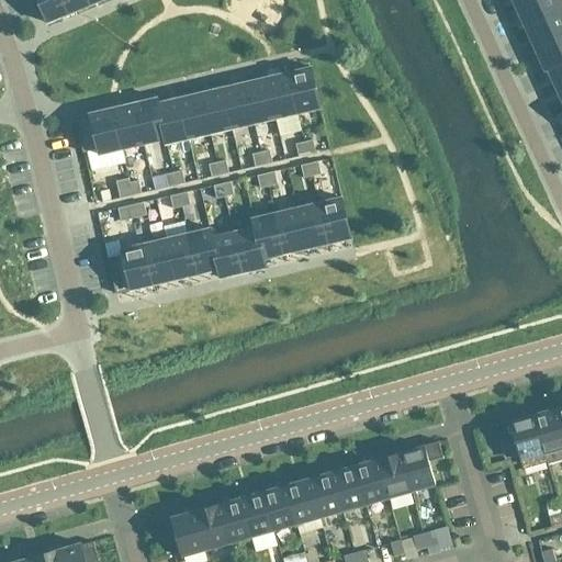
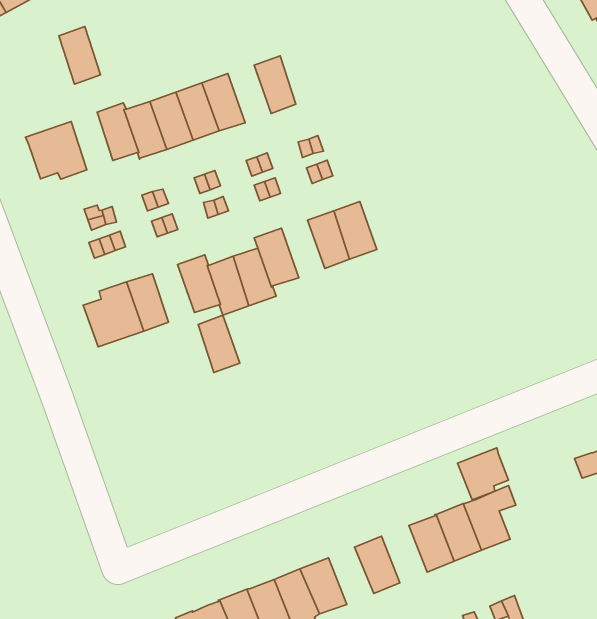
building: [289,66,321,112] -> none
building: [245,77,277,123] -> none
building: [113,102,144,148] -> [59,27,101,84]
building: [276,207,307,254] -> none
building: [167,233,198,279] -> [198,315,240,373]
building: none -> [457,448,508,500]
building: [331,464,366,510] -> none
building: [286,477,321,524] -> none

